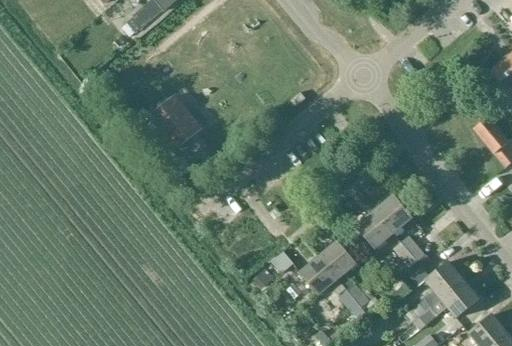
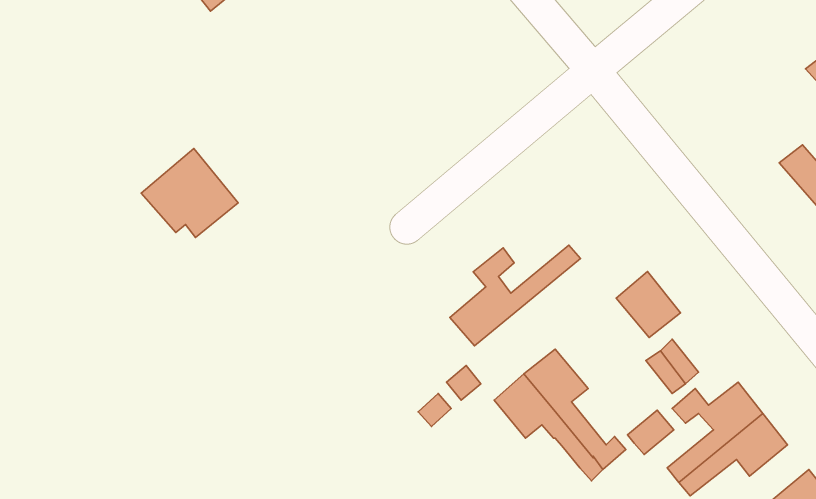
building: [143,95,202,149] -> [141,149,238,238]
building: none -> [450,245,581,346]
building: [357,209,395,248] -> none

